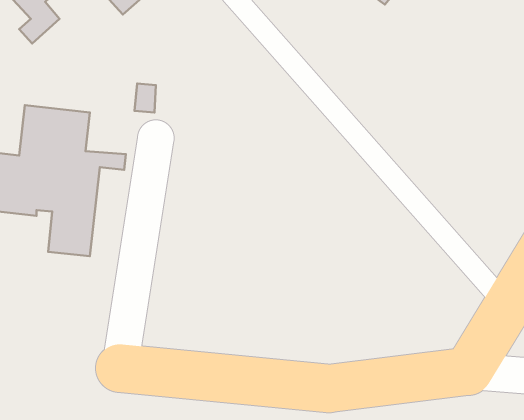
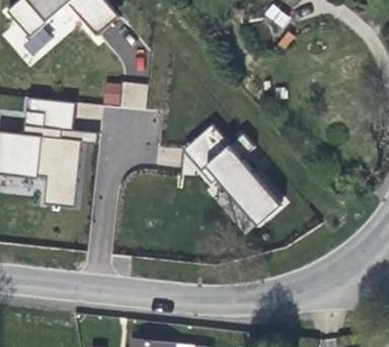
building: none -> [182,125,280,225]

